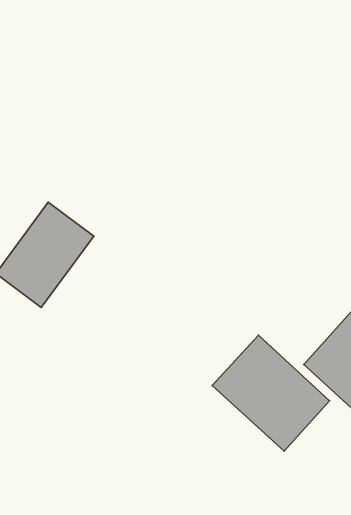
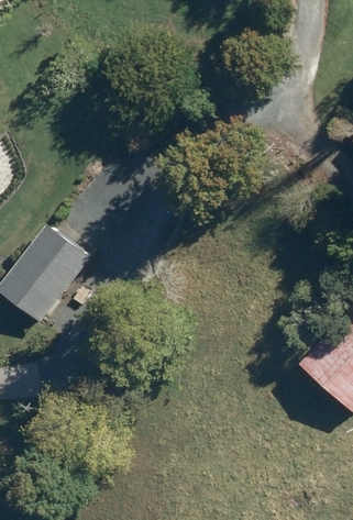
building: [212,335,330,451] -> none

